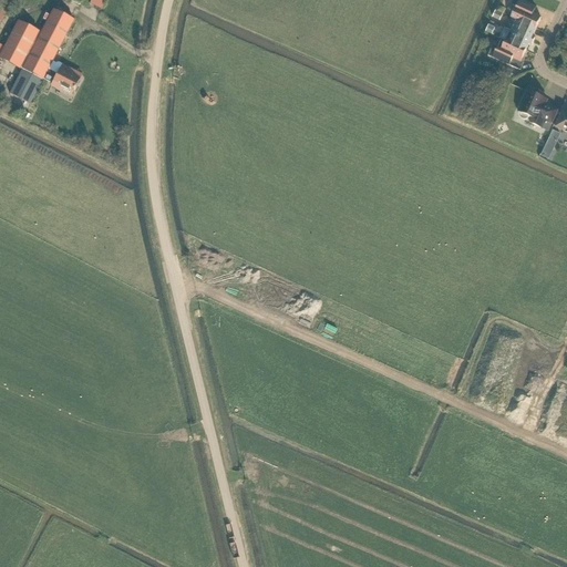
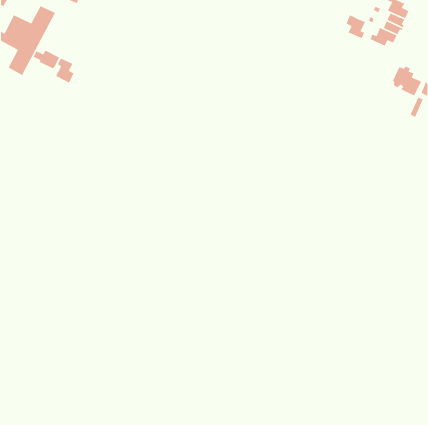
building: none -> [345,14,366,39]
building: none -> [55,57,74,84]

